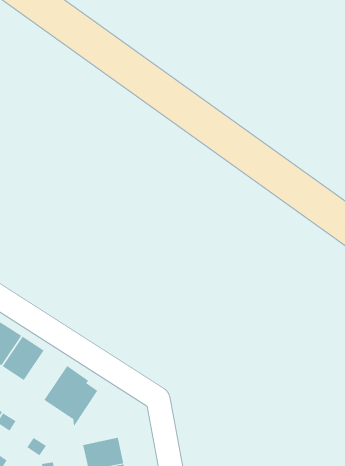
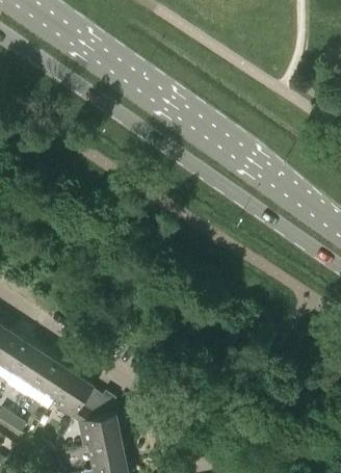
building: none -> [33,359,73,404]
building: none -> [79,392,121,447]

